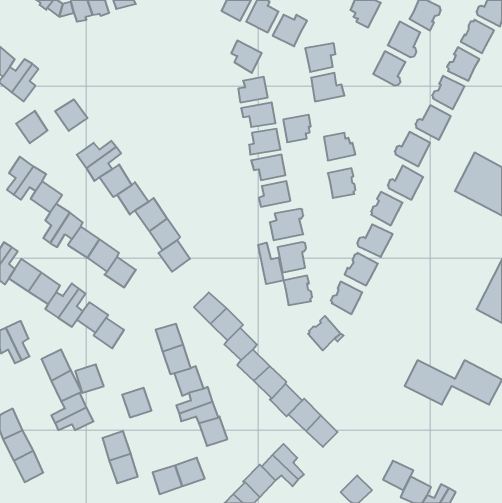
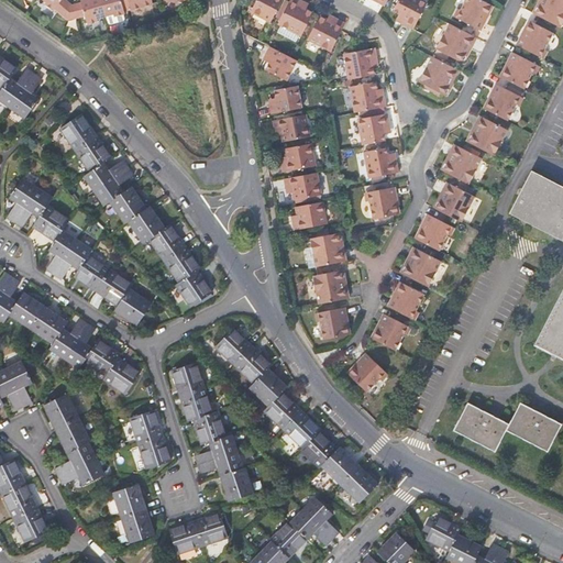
building: [16,111,48,143] -> [77,132,112,168]
building: [283,115,311,142] -> [356,114,387,145]
building: [258,243,283,284] -> none
building: [75,364,104,393] -> [129,409,161,441]

